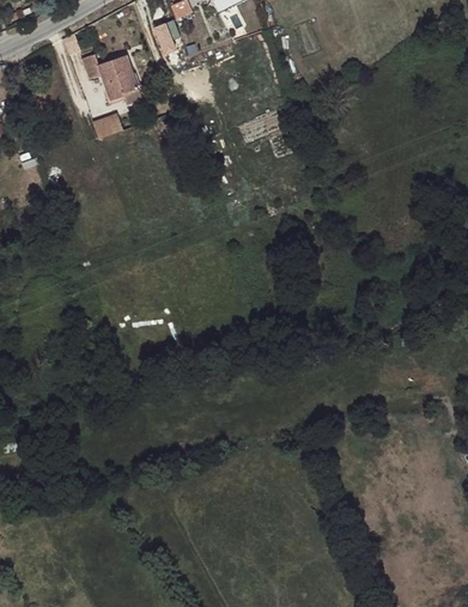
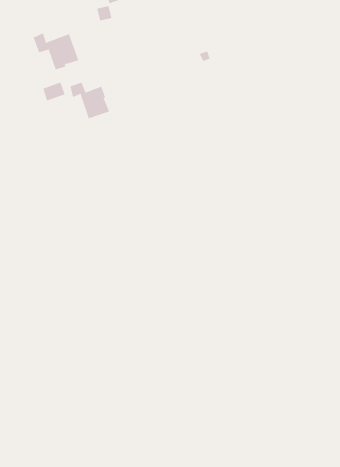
building: none -> [70,82,110,119]

